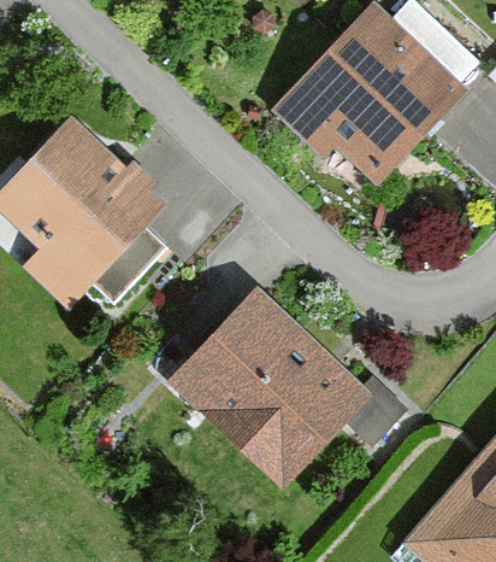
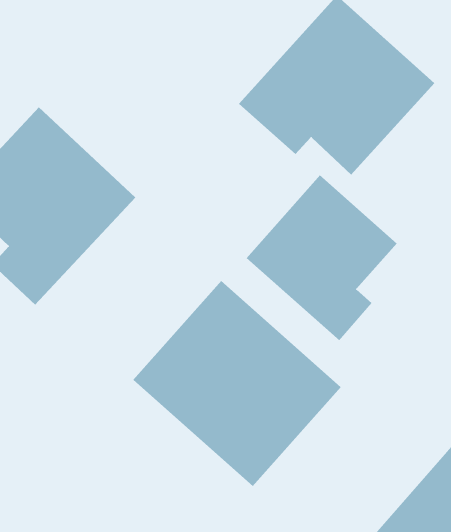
building: none -> [246,174,398,341]

